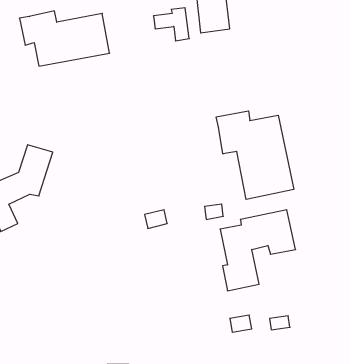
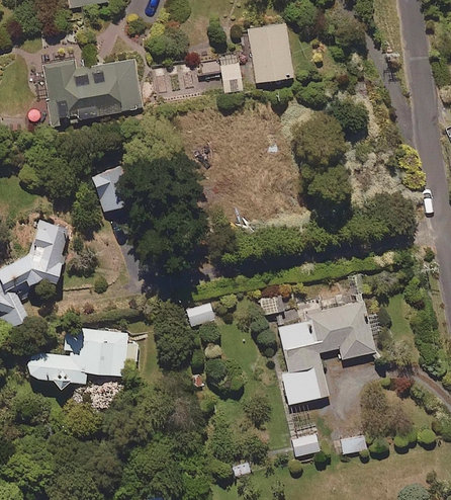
building: none -> [91,167,131,213]
building: [216,111,294,199] -> none
building: none -> [25,327,138,393]

